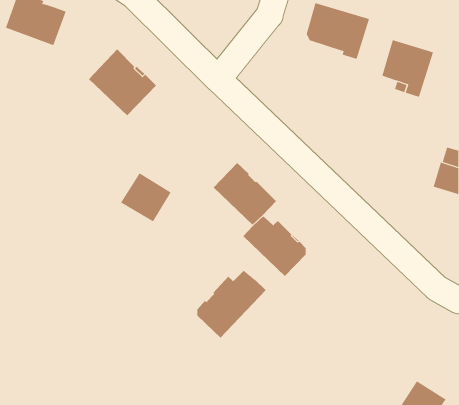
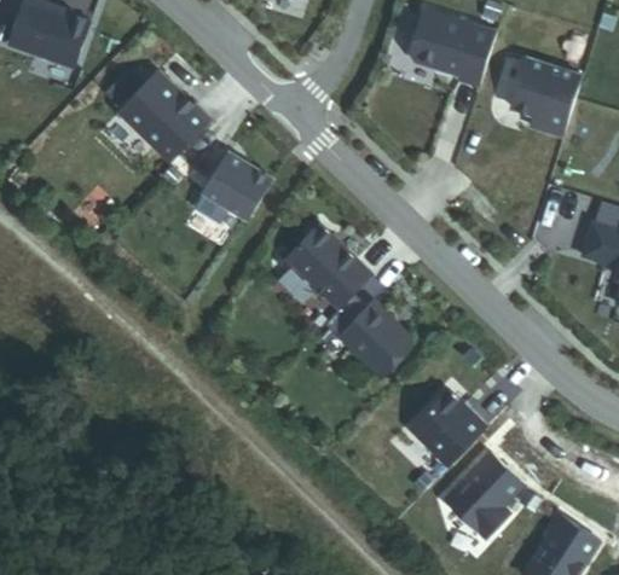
building: [120,173,171,222] -> [203,152,272,219]
building: [197,270,266,338] -> none
building: none -> [406,390,486,470]
building: none -> [440,453,523,542]

